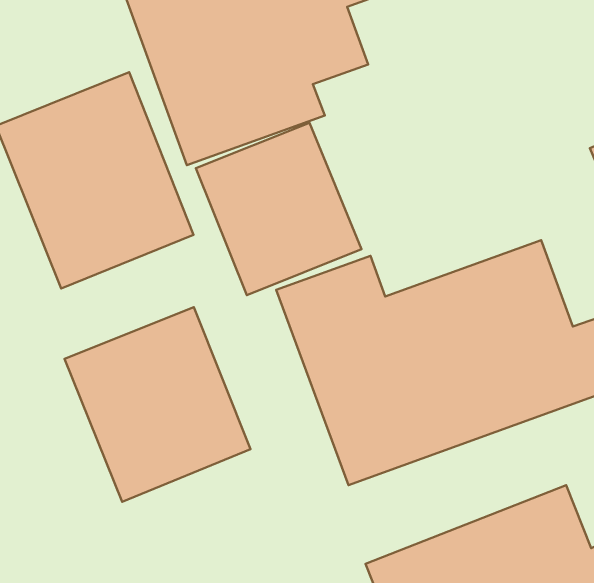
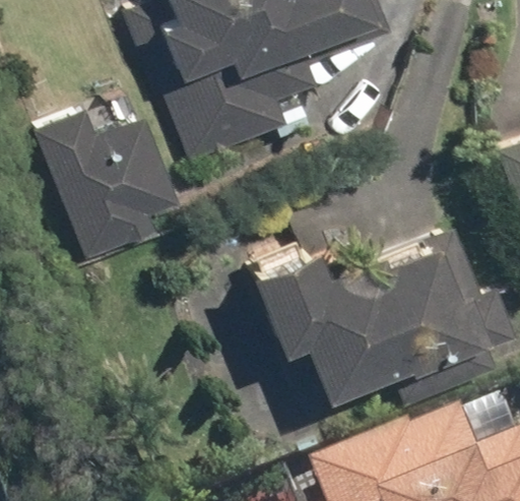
building: [196,123,361,295] -> none
building: [65,307,250,502] -> none

